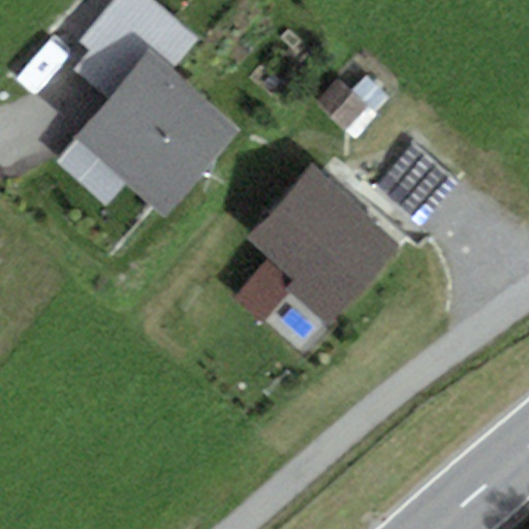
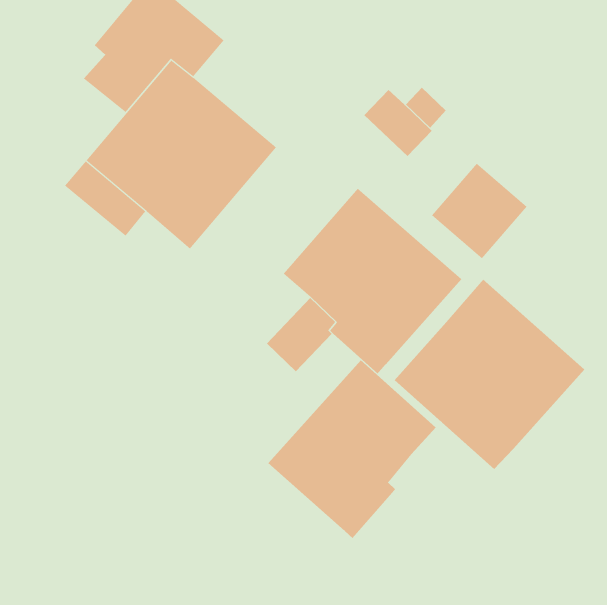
building: none -> [394,279,585,470]
building: none -> [268,359,436,539]

